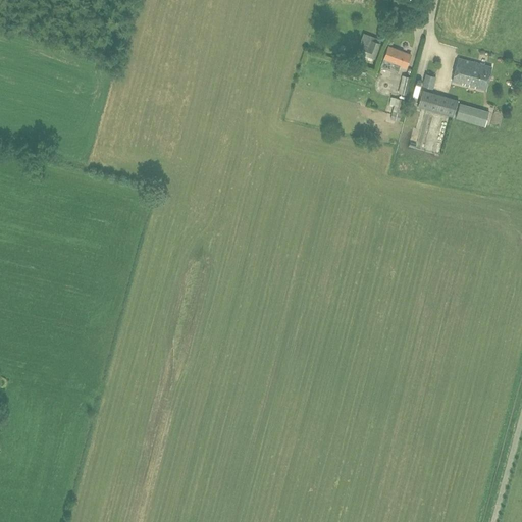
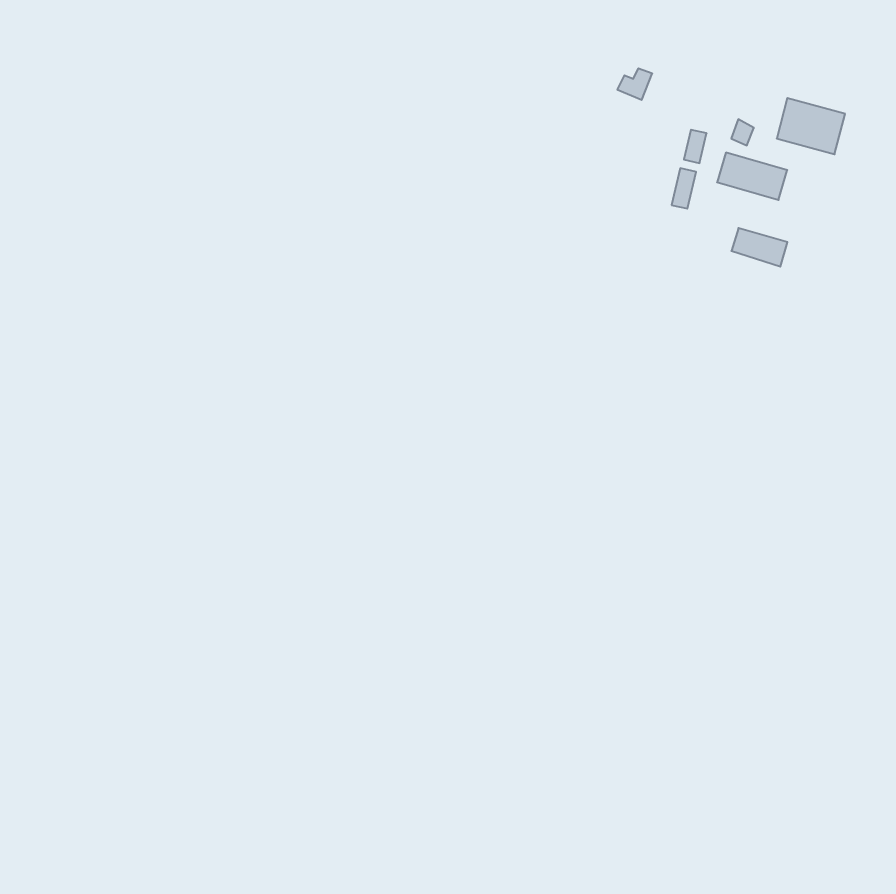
building: [380,46,411,72] -> none
building: [456,103,488,125] -> [731,228,787,267]

